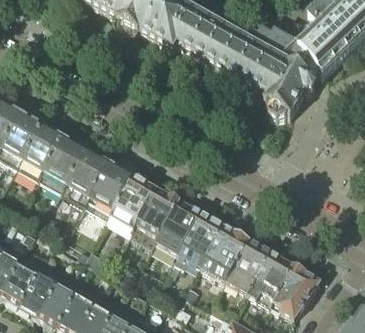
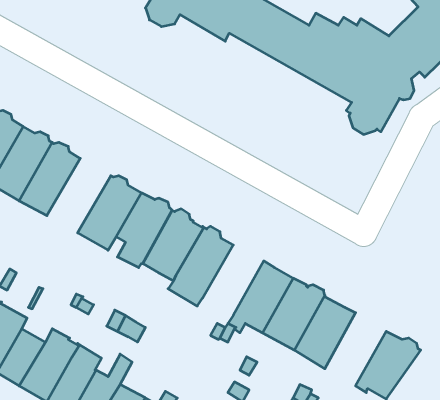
building: [38,135,86,191] -> none
building: [155,199,201,253] -> none
building: [247,251,293,306] -> none

